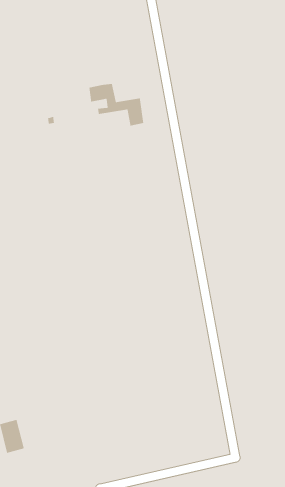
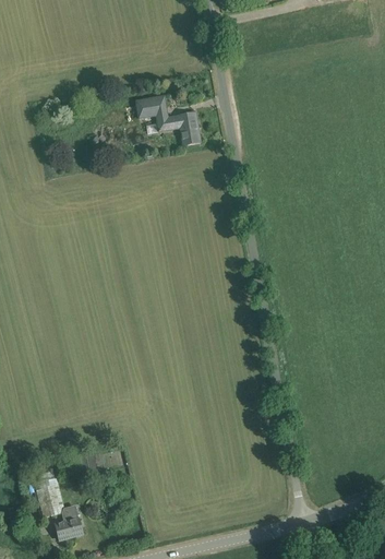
building: none -> [55,509,82,538]

